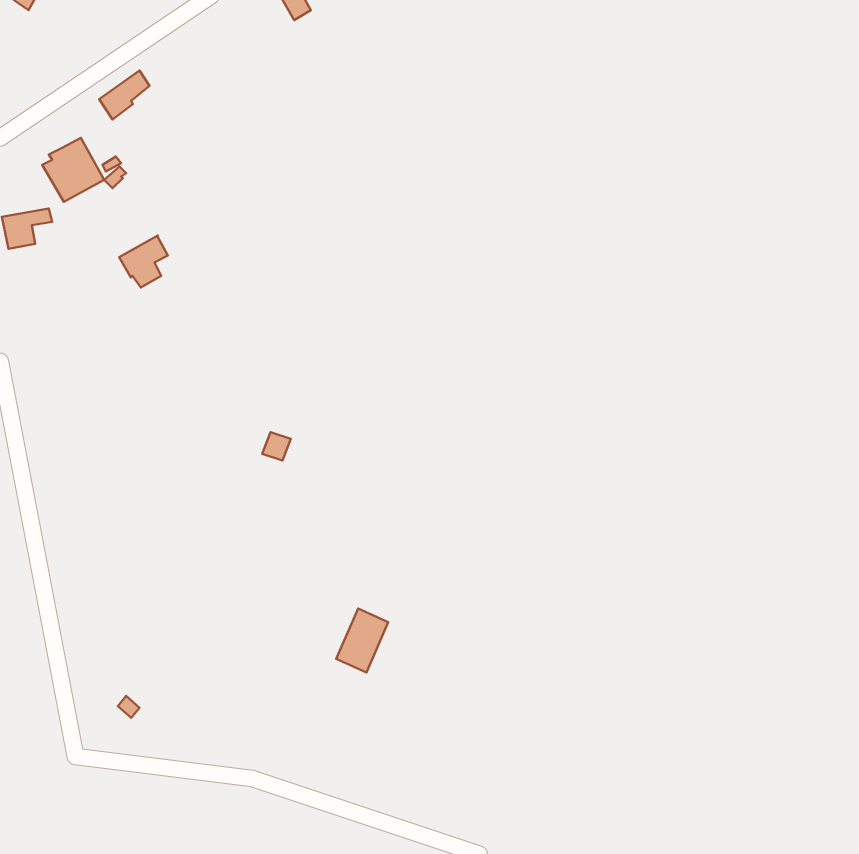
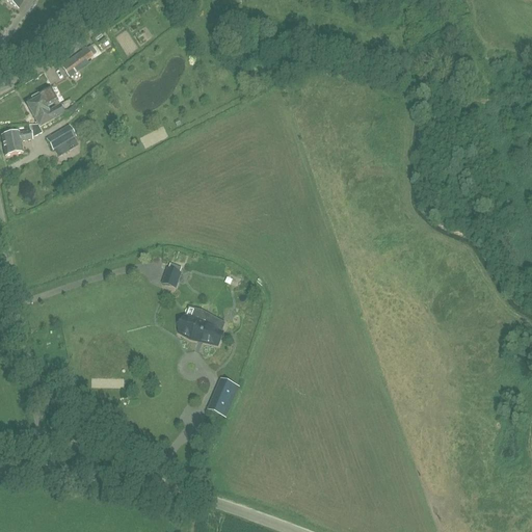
building: [119,235,168,288] -> [46,123,76,155]
building: none -> [179,307,222,343]

